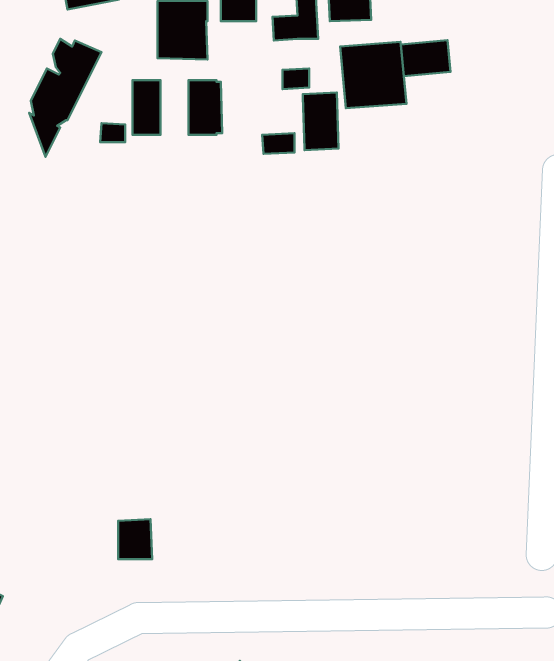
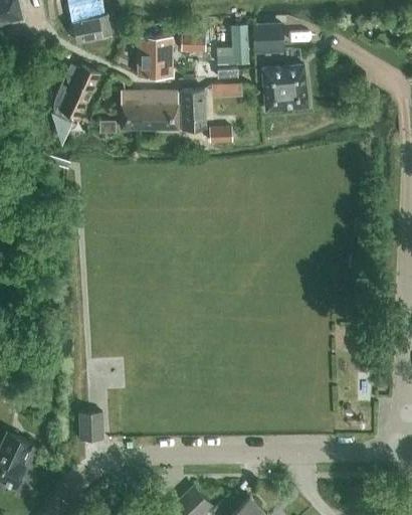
building: [401,40,451,76] -> none
building: none -> [140,91,159,128]
building: [303,93,338,150] -> [181,89,205,128]
building: [118,519,152,559] -> [79,411,102,439]

